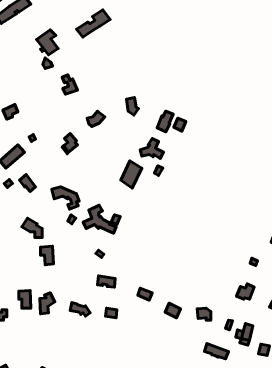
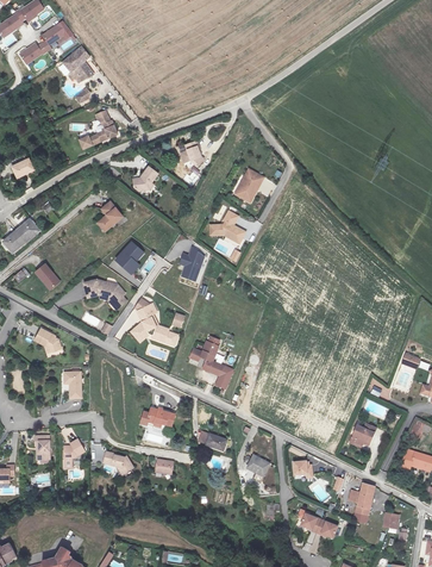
building: [76,10,110,37] -> [19,25,69,66]
building: none -> [114,236,150,273]
building: none -> [195,347,230,380]

